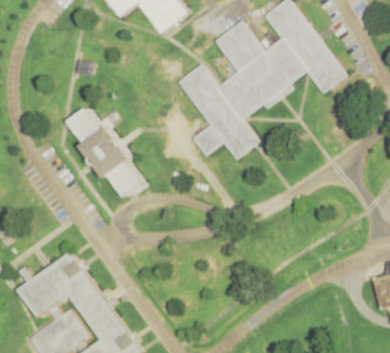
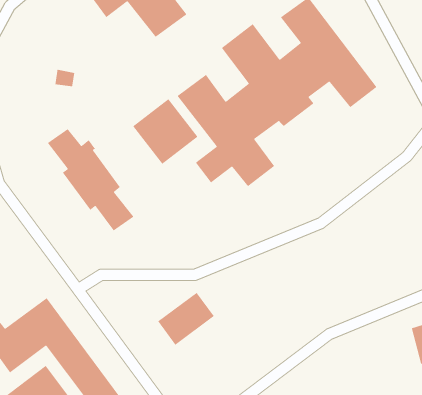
building: none -> [132,98,199,165]
building: none -> [157,292,215,346]

